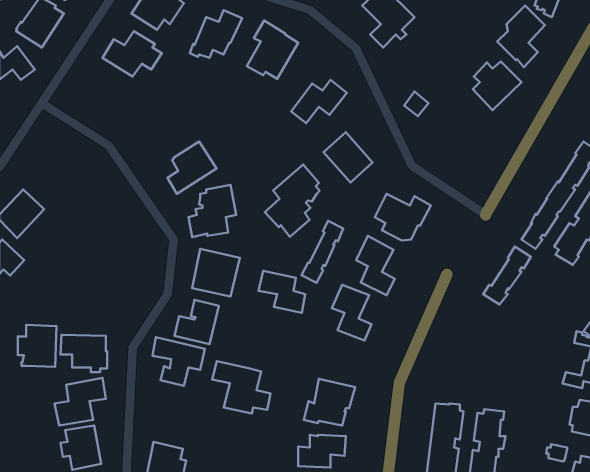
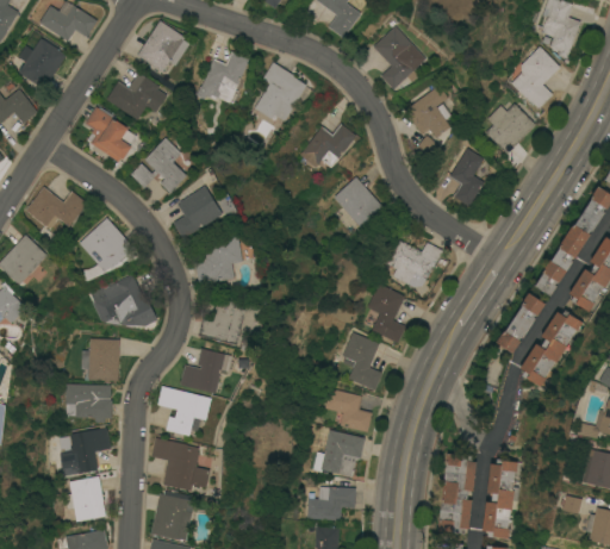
building: none -> [405,85,452,137]
building: none -> [86,106,136,161]
building: none -> [131,137,187,193]
building: none -> [449,148,485,206]
building: none -> [26,187,88,229]
building: [265,165,320,237] -> none
building: none -> [79,218,135,276]
building: [301,221,343,283] -> none
building: none -> [88,274,158,326]
building: none -> [521,311,584,387]
building: [259,271,305,313] -> [324,388,372,431]
building: [18,325,56,367] -> [81,338,120,381]
building: [212,361,271,413] -> [151,437,211,491]

